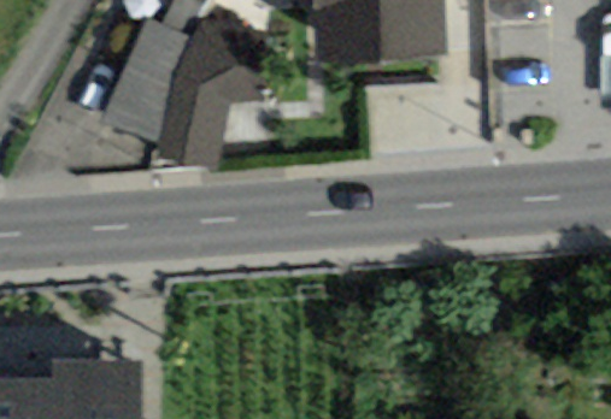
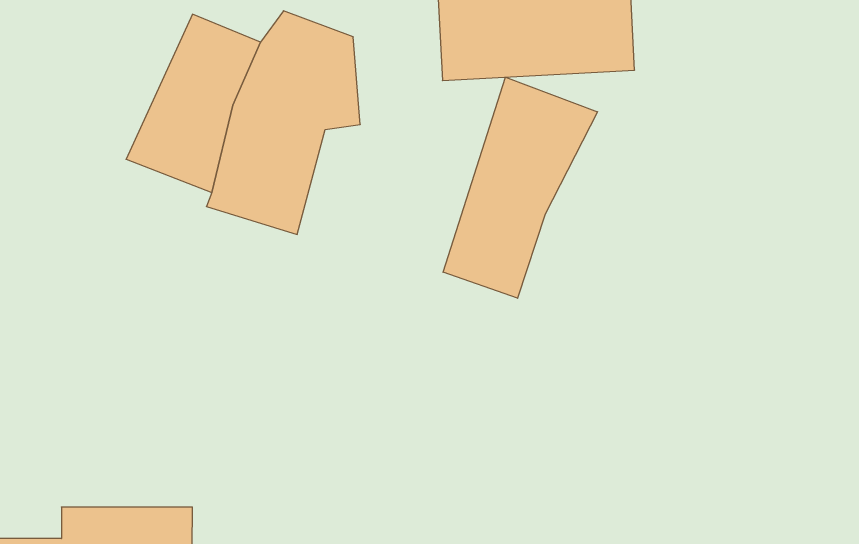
building: none -> [443,77,598,298]

